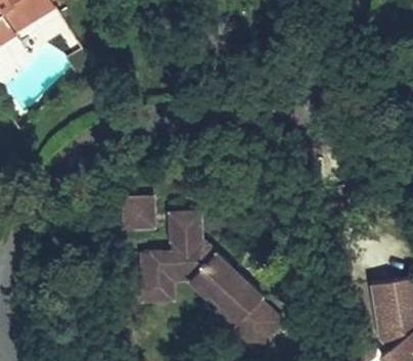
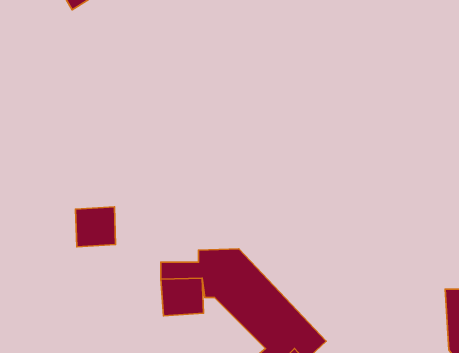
building: [124,197,157,231] -> [76,207,116,247]
building: [170,213,204,245] -> none

